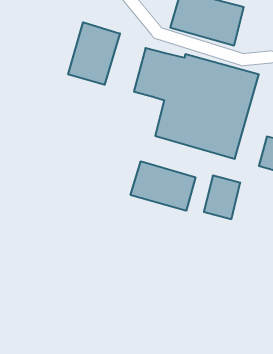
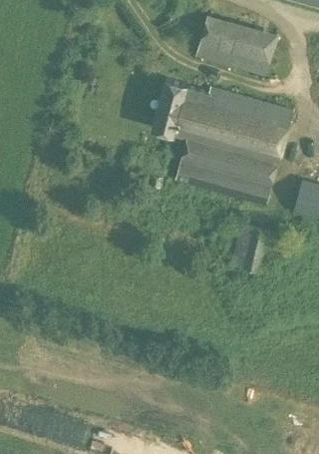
building: [68,22,120,85] -> none
building: [131,161,195,211] -> none

